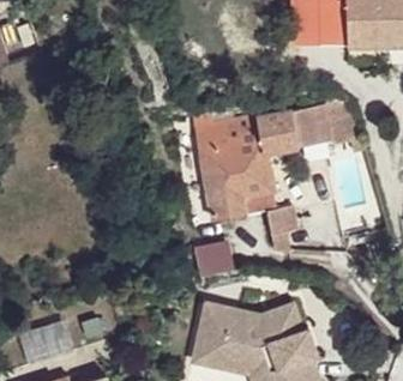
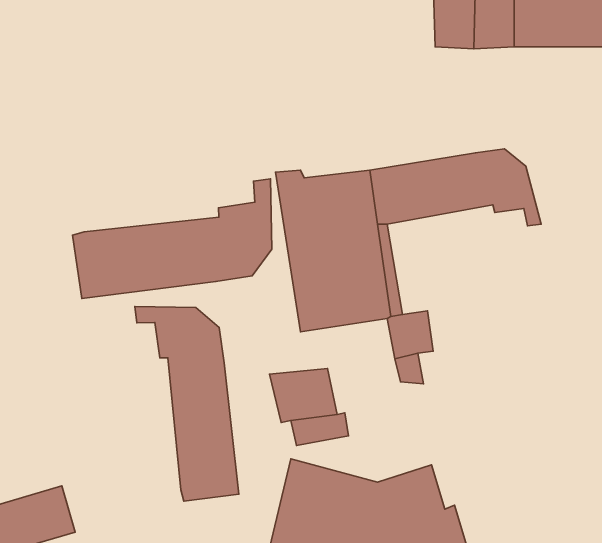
building: none -> [73,179,272,299]
building: none -> [135,306,239,501]

